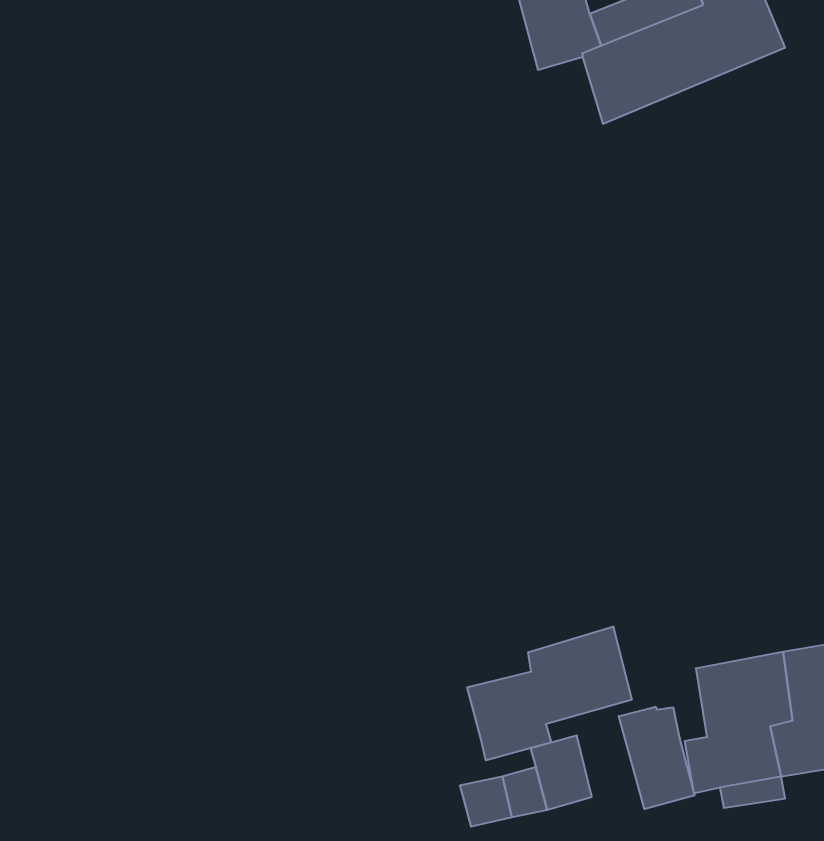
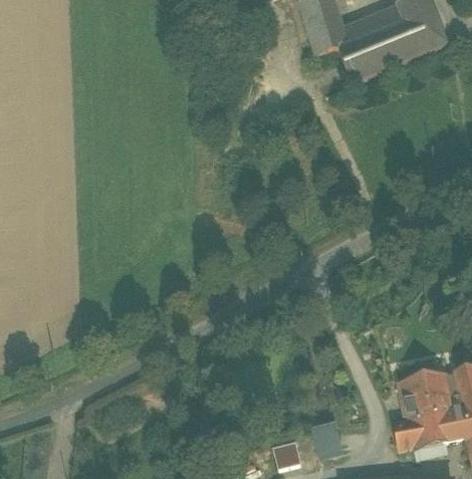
building: [467,626,632,760] -> none
building: [619,707,695,809] -> none

